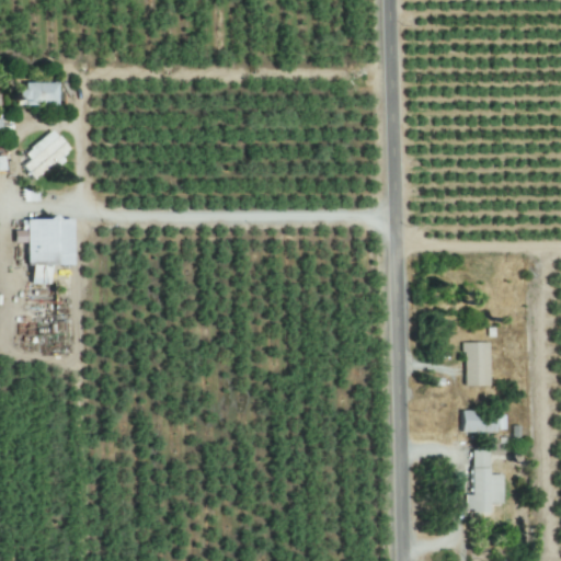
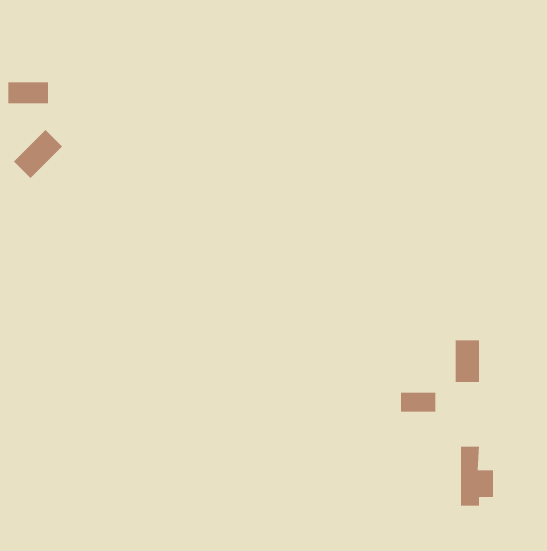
building: [27,219,75,265] -> none
building: [462,411,499,432] -> [400,392,436,413]

